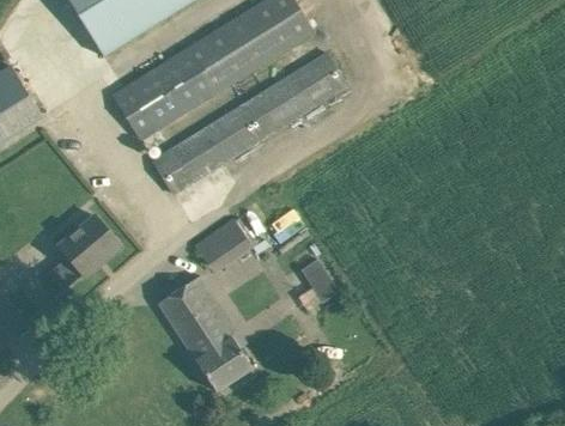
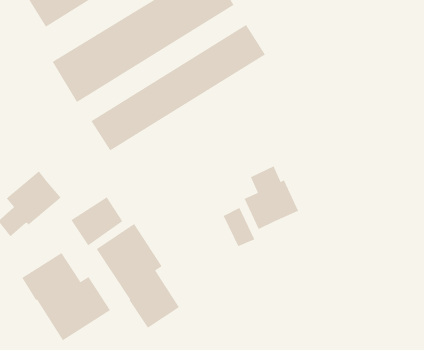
building: none -> [244,166,299,230]
building: [194,218,253,273] -> [71,197,123,246]
building: none -> [21,252,111,341]

